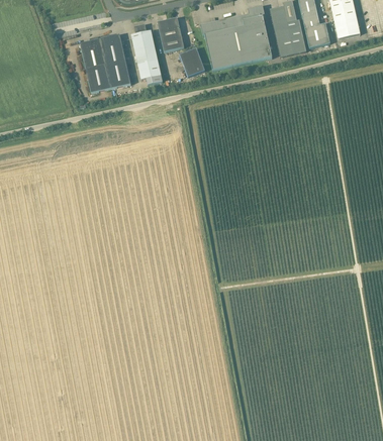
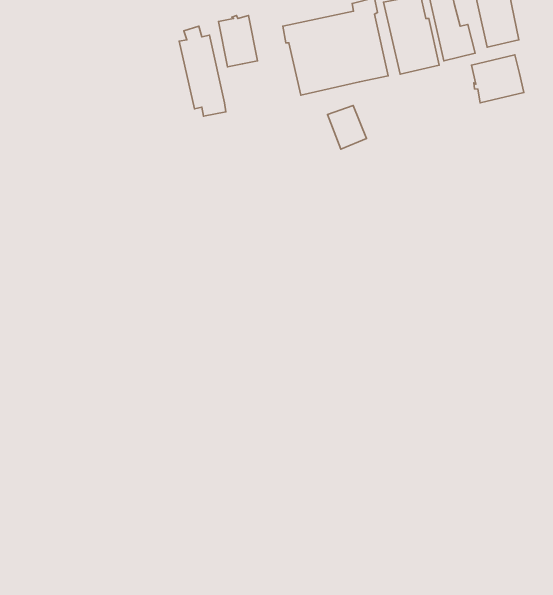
building: [80,34,130,93] -> none
building: none -> [471,55,524,103]
building: [178,47,204,77] -> [327,106,367,149]

